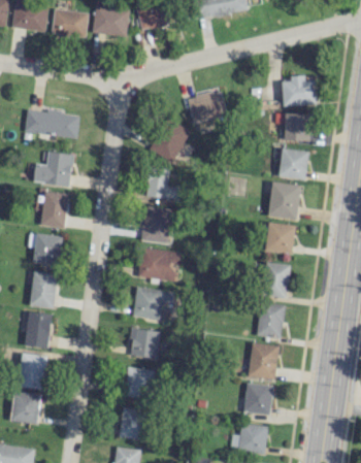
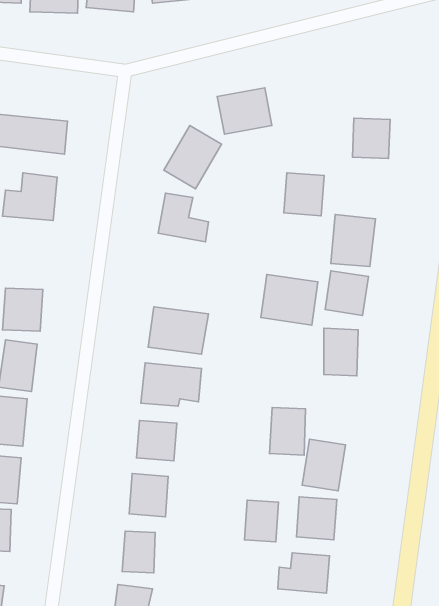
building: [282,75,316,105] -> none
building: [278,148,307,179] -> [284,173,324,216]
building: [39,191,68,228] -> none
building: [140,205,172,243] -> none
building: none -> [261,274,318,325]
building: [257,303,283,337] -> [269,408,305,455]
building: none -> [244,500,279,542]

